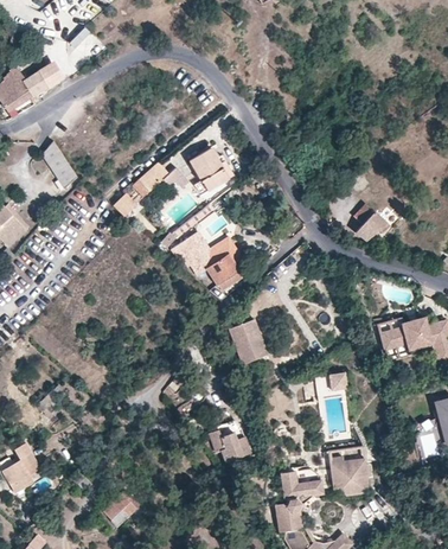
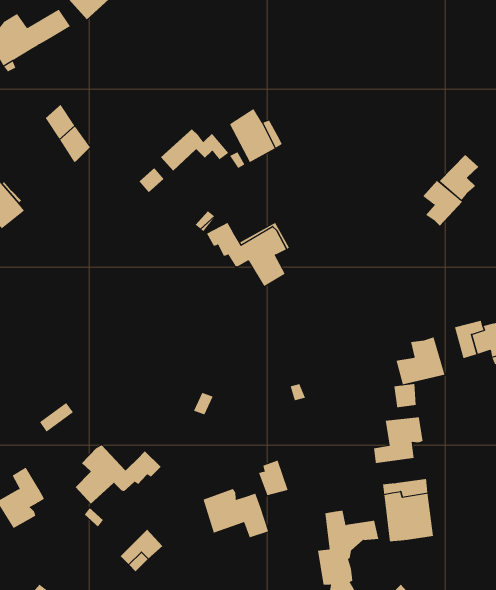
building: none -> [439,154,479,201]
building: [228,318,269,364] -> none
building: none -> [396,337,445,385]
building: none -> [374,417,423,464]
building: none -> [75,444,162,505]
building: none -> [203,488,269,538]

